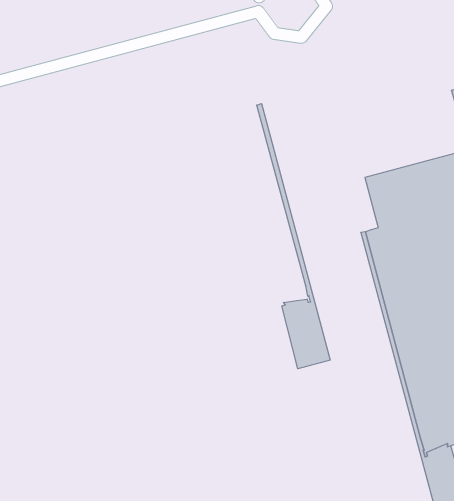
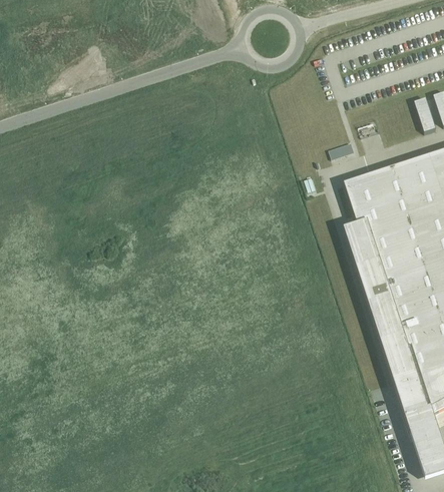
building: [257,104,330,369] -> none

